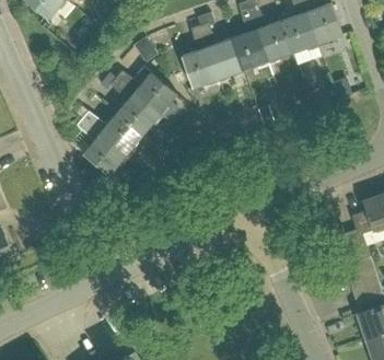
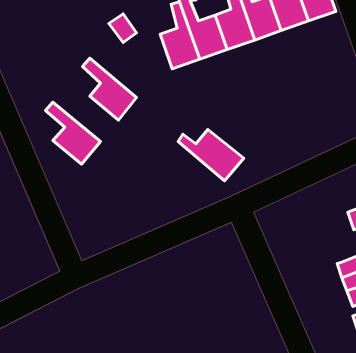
building: [116,67,176,114] -> [178,129,244,181]
building: [82,112,142,154] -> none

